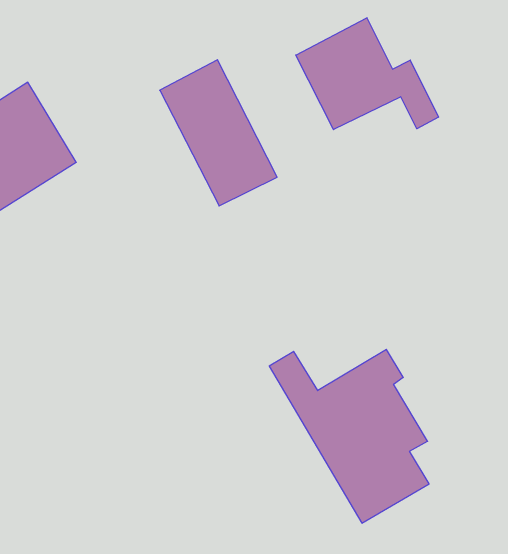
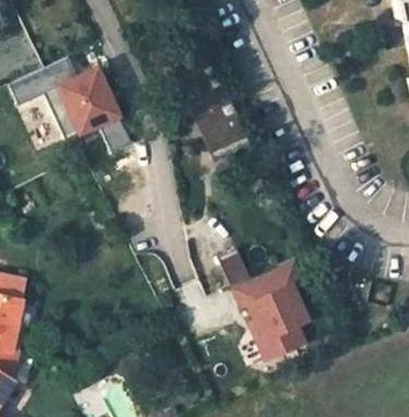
building: [296,18,438,130] -> none

